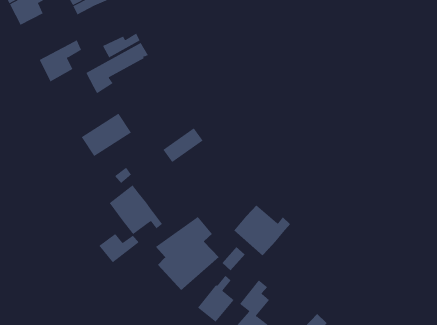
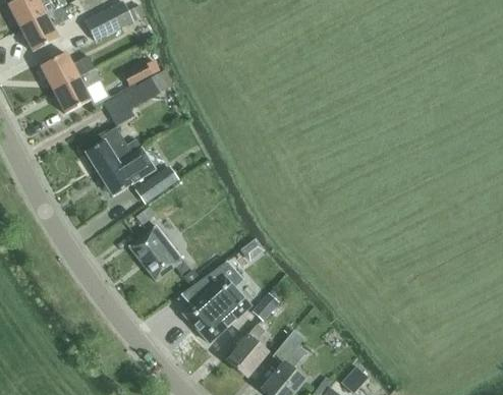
building: none -> [41,52,95,89]
building: none -> [86,125,141,173]
building: [163,128,203,163] -> [134,164,179,203]
building: [234,204,291,256] -> none
building: [99,233,140,263] -> none

